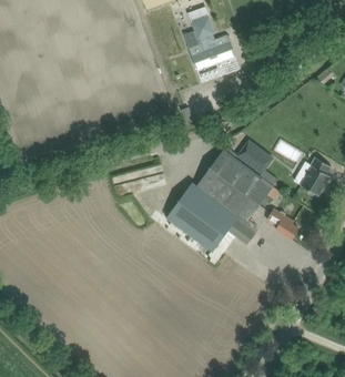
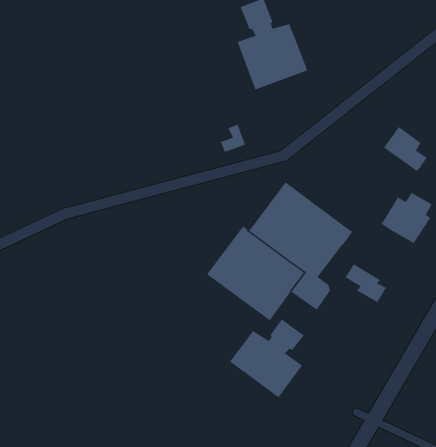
building: [236,140,268,173] -> [383,126,427,172]
building: none -> [229,319,304,398]

